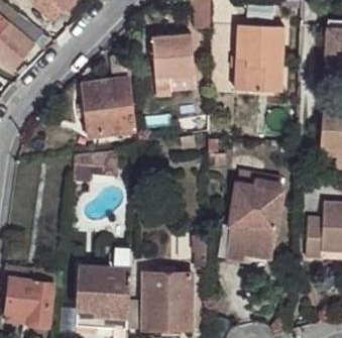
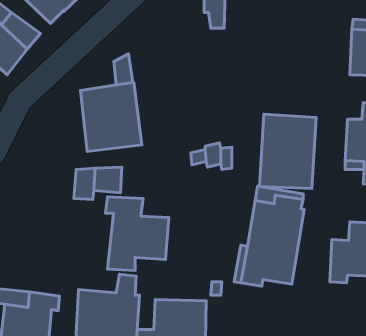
building: [234,20,286,88] -> [259,114,316,189]
building: [150,33,196,89] -> none
building: none -> [105,197,169,271]

